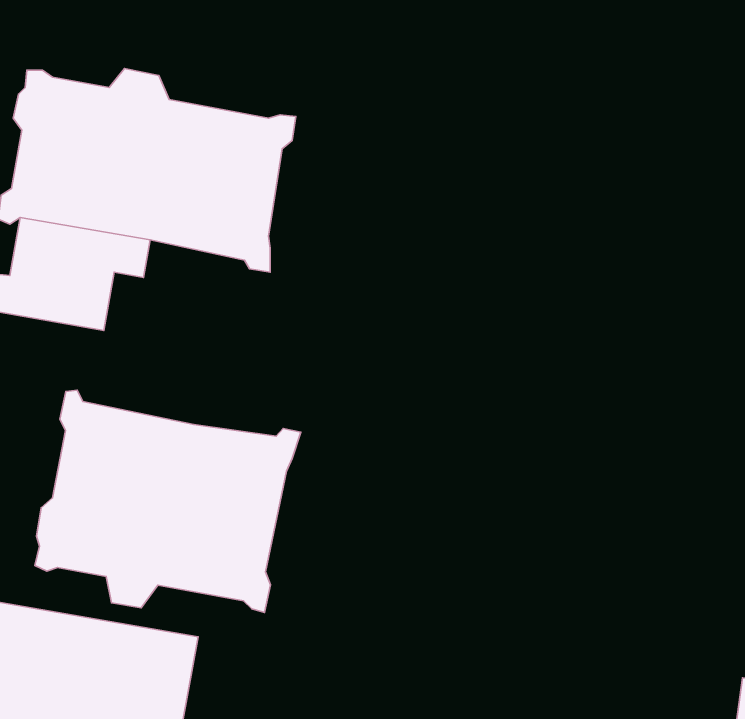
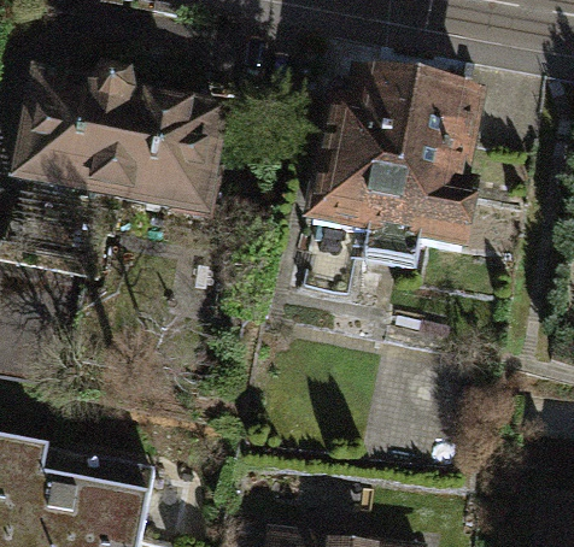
building: none -> [310,80,474,249]
building: [35,390,301,613] -> none

